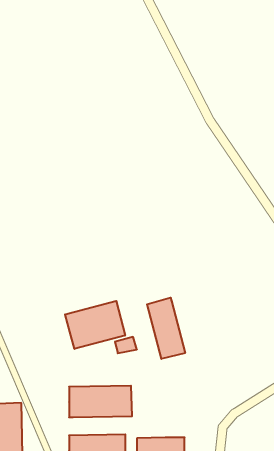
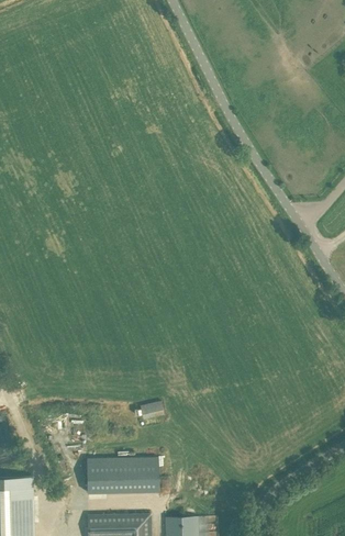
building: [147,298,185,359] -> none
building: [65,301,125,349] -> none

